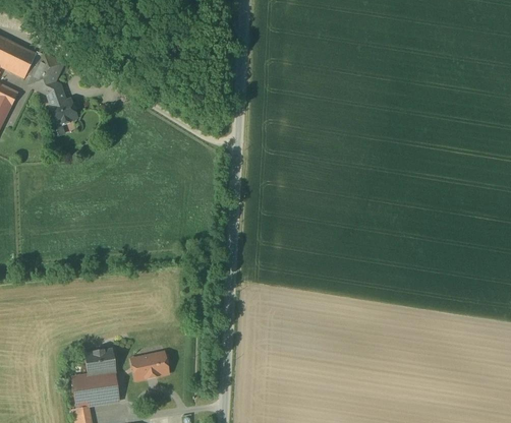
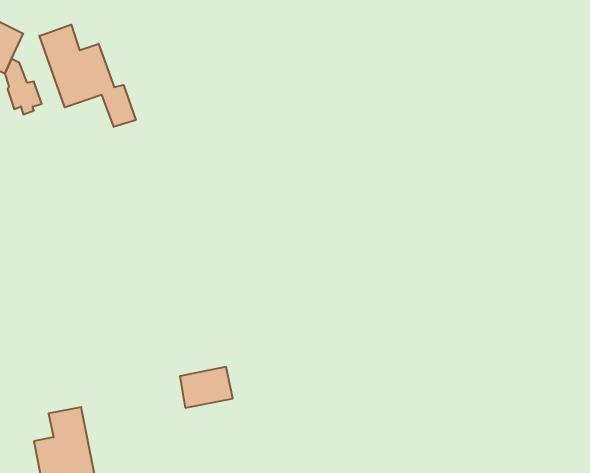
building: none -> [39,25,136,127]
building: [129,350,170,381] -> [180,367,233,408]

